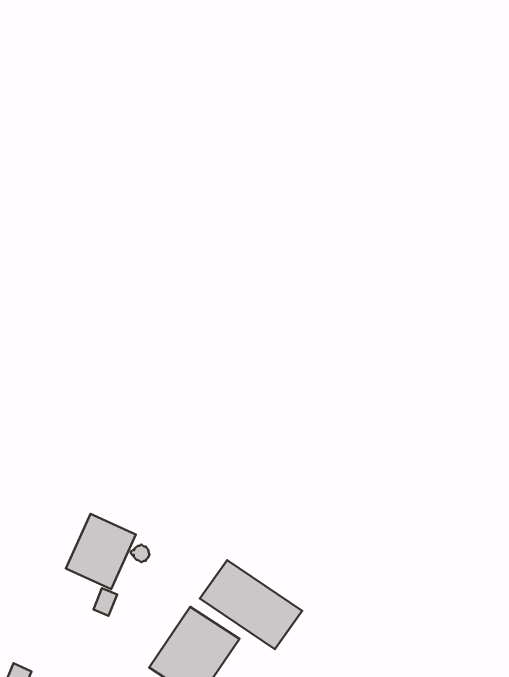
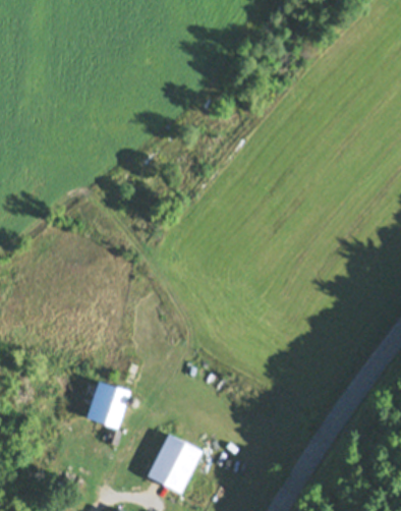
building: [200,560,302,649] -> none

